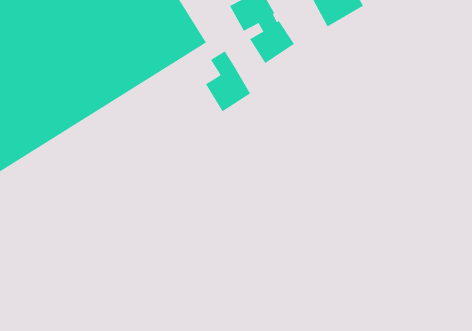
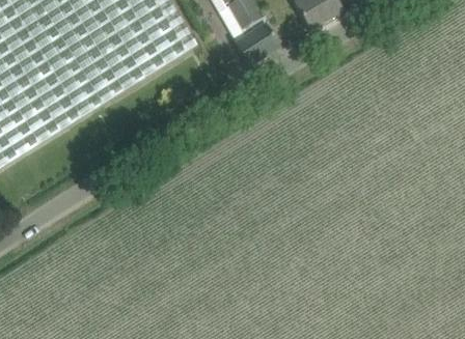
building: [205,51,251,112] -> none

